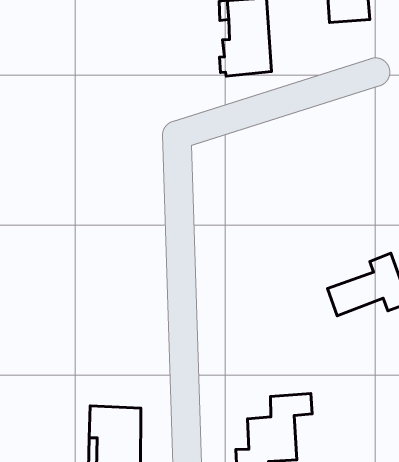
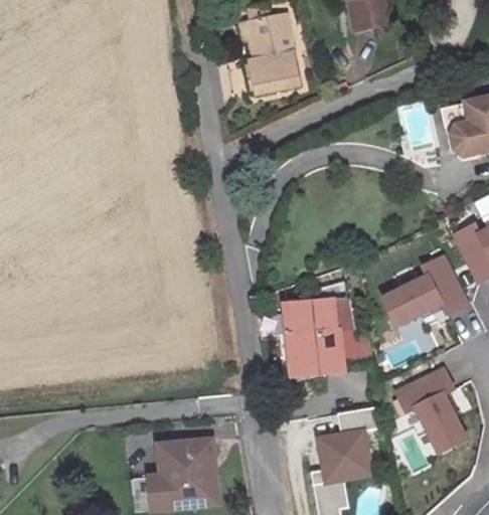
building: none -> [285,284,353,373]
building: none -> [395,368,467,454]

